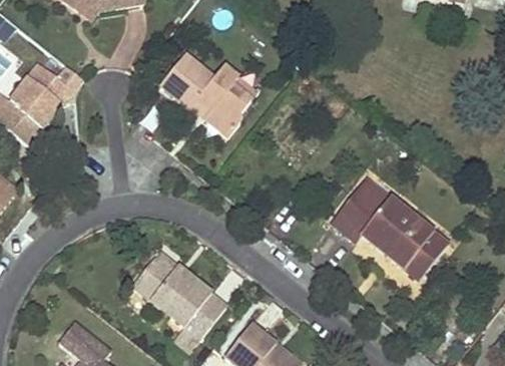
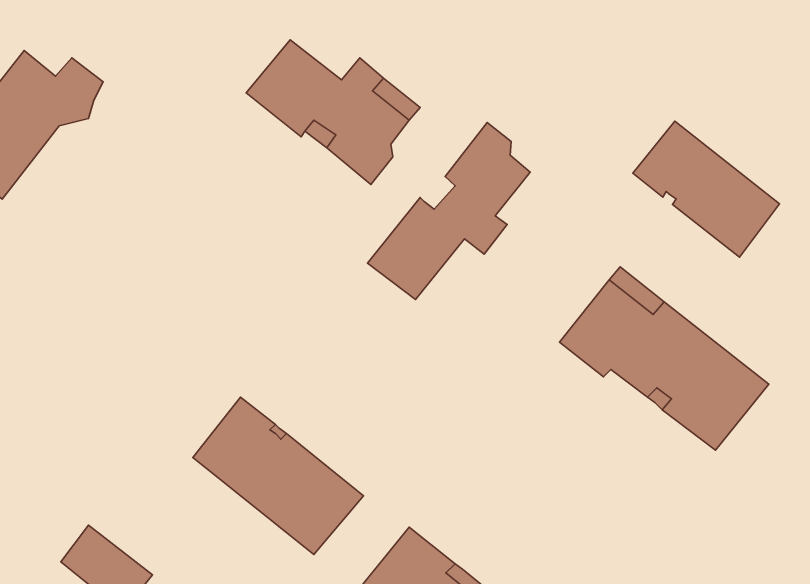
building: none -> [633,121,780,257]
building: none -> [368,122,530,300]

